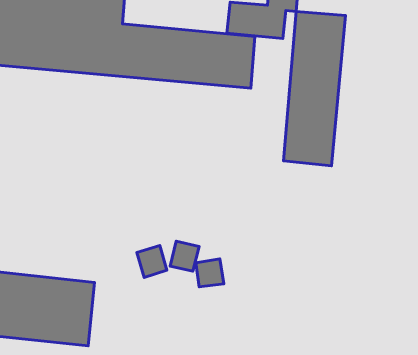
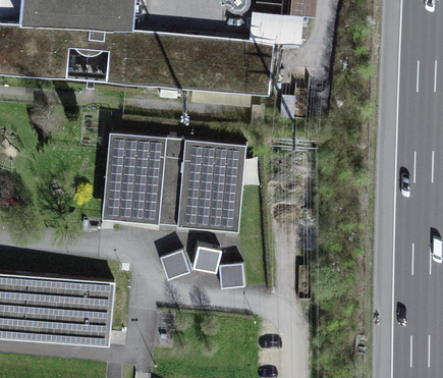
building: [283,11,345,166] -> none
building: none -> [96,130,167,230]
building: none -> [174,139,242,230]

